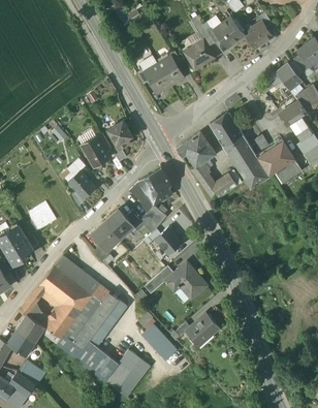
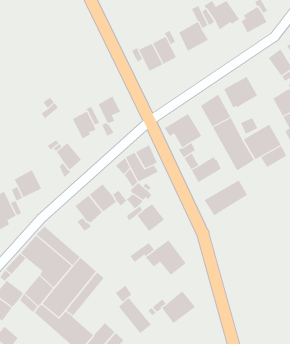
building: none -> [223,76,258,108]
building: none -> [204,179,248,216]

